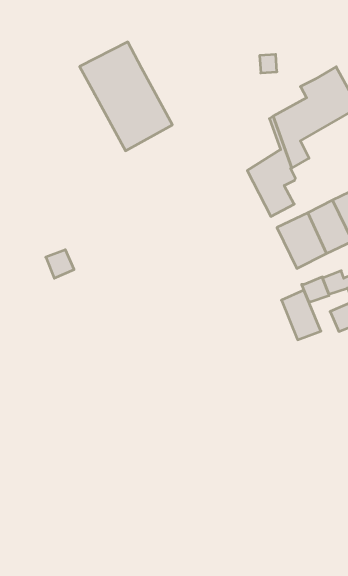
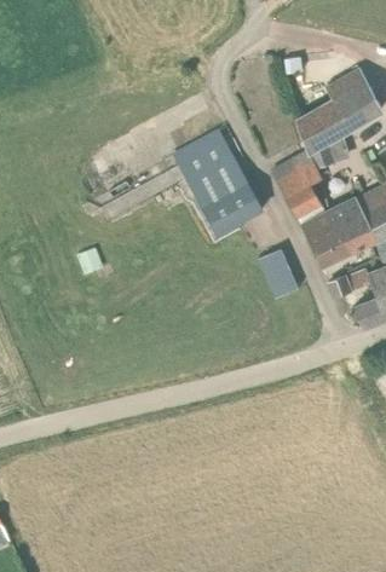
building: [80,42,172,151] -> [172,128,263,235]
building: [281,290,321,340] -> [260,248,299,296]

